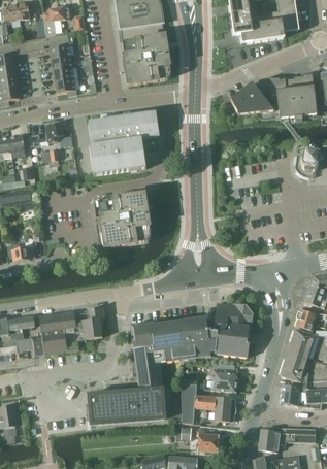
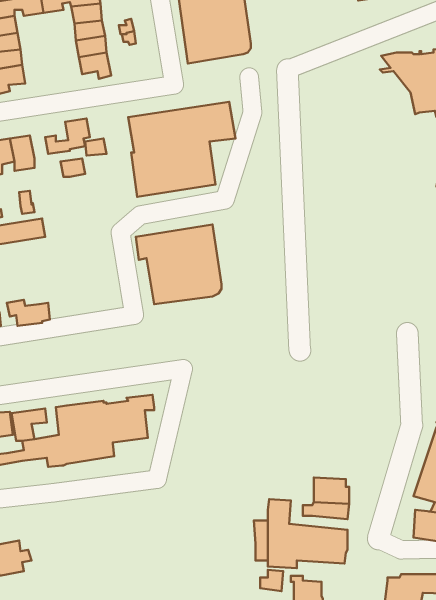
building: [230,81,272,112] -> none
building: [88,302,253,424] -> none

